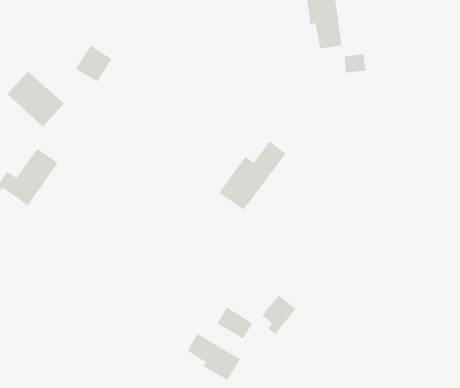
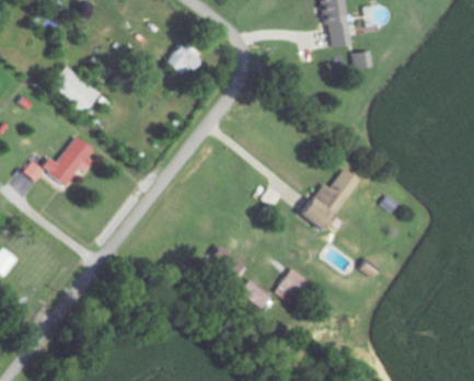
building: [75,45,112,82] -> [164,43,198,77]
building: [218,140,286,211] -> [298,168,359,231]
building: [187,333,241,381] -> none

